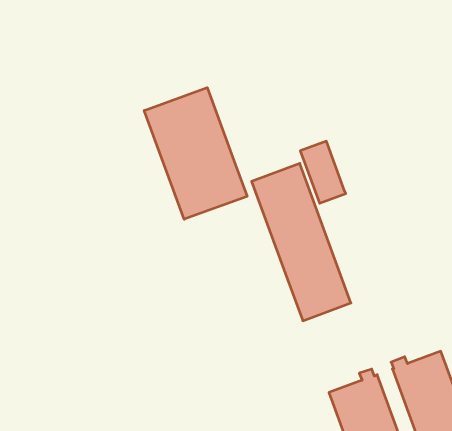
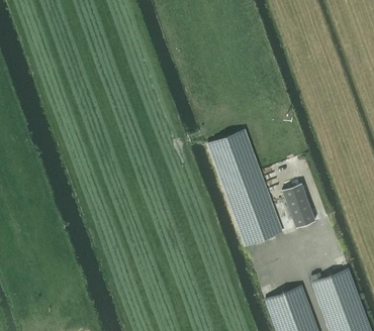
building: [144,88,247,219] -> none
building: [300,141,346,203] -> [283,182,316,227]

